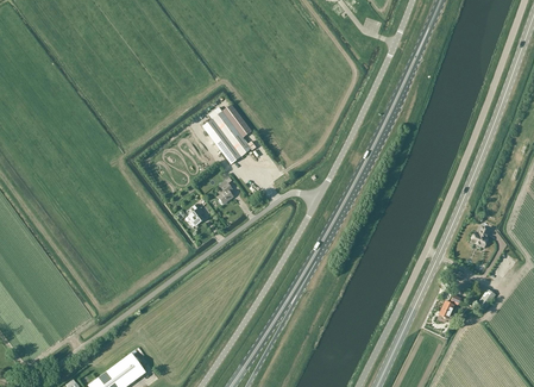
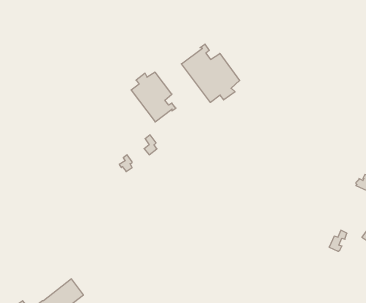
building: none -> [181,44,240,102]

